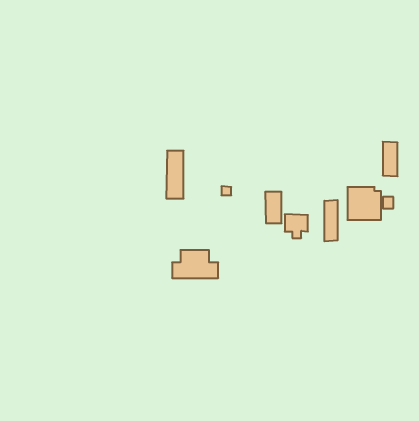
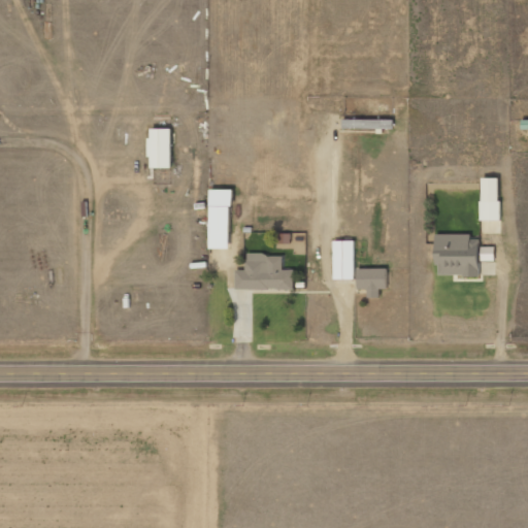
building: none -> [147,128,170,168]
building: [324,200,338,241] -> none
building: [172,250,218,278] -> [235,255,293,290]

